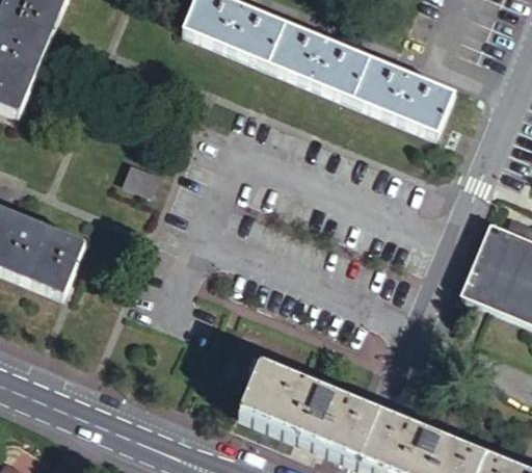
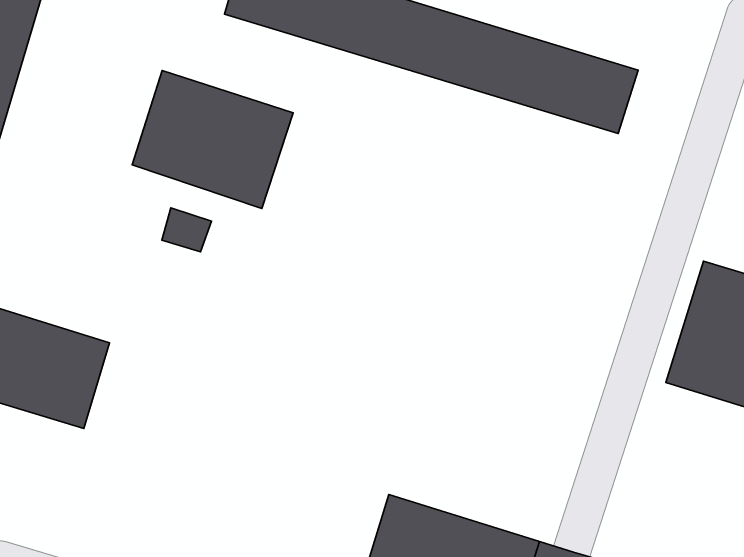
building: none -> [132,71,293,208]

